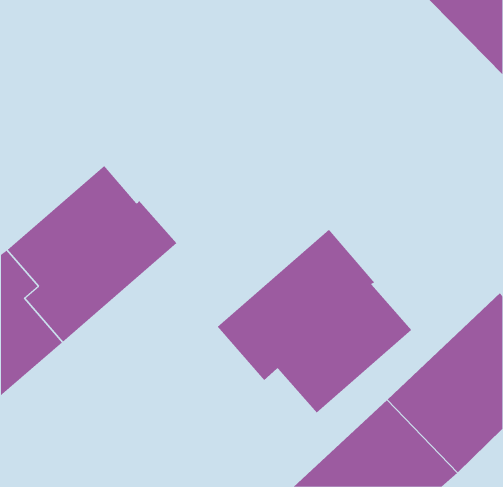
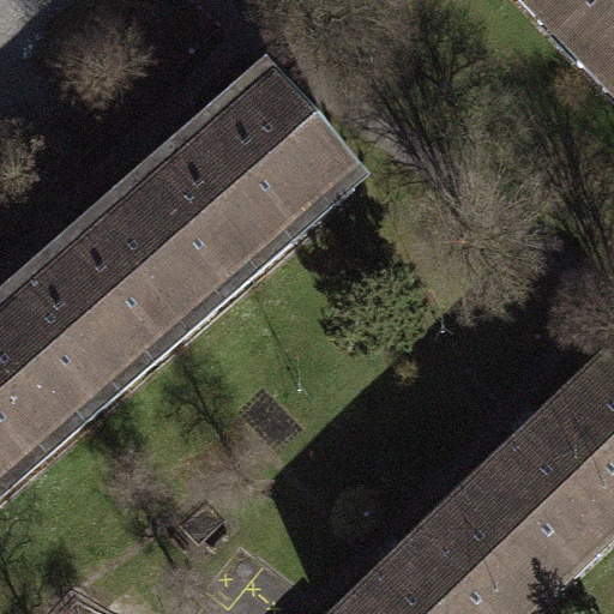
building: none -> [127,77,356,296]
building: [217,229,412,414] -> none

